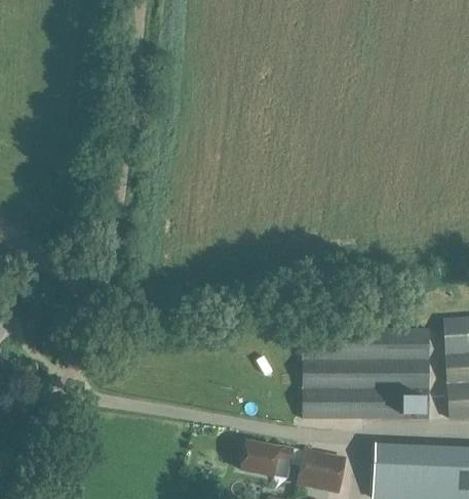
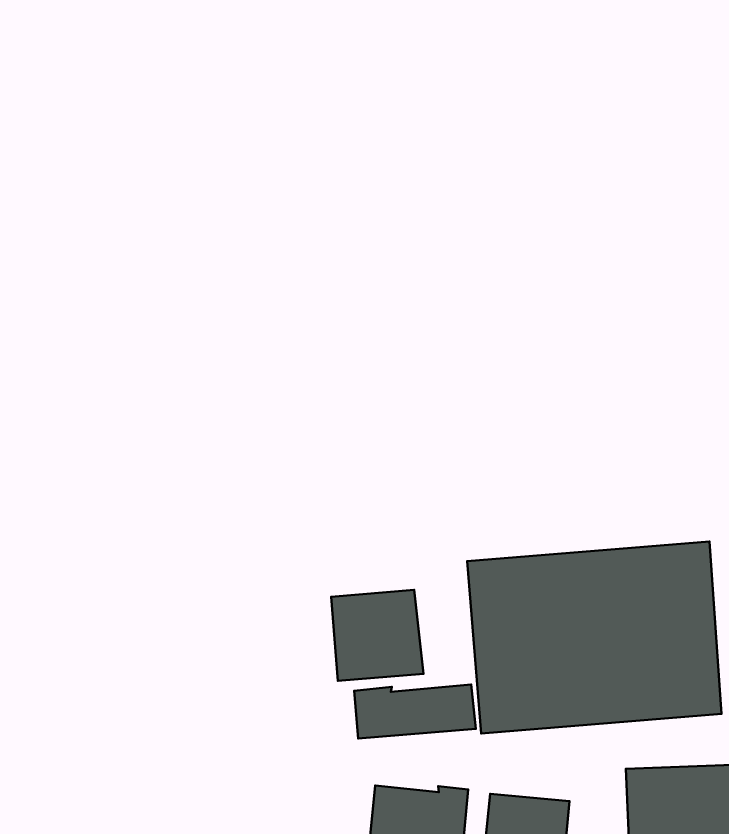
building: none -> [331,590,423,681]
building: none -> [354,684,476,738]

